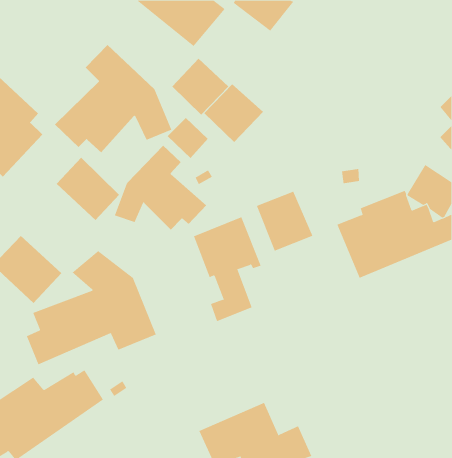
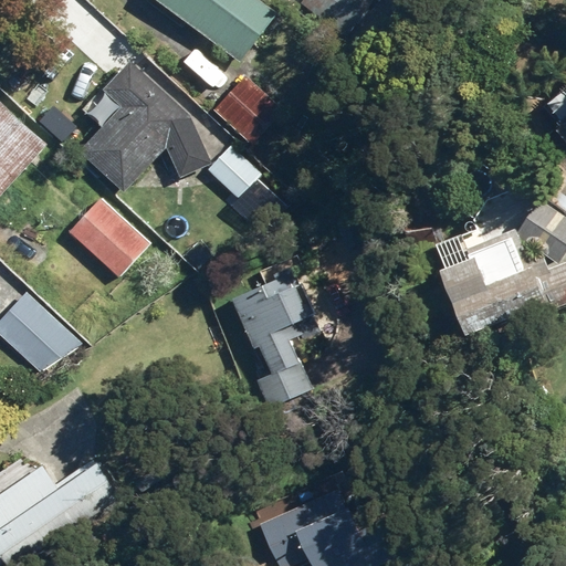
building: [203,83,264,143] -> none
building: [114,145,207,230] -> none
building: [256,191,313,252] -> none
building: [26,250,156,365] -> none

